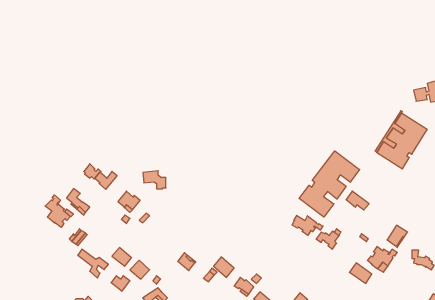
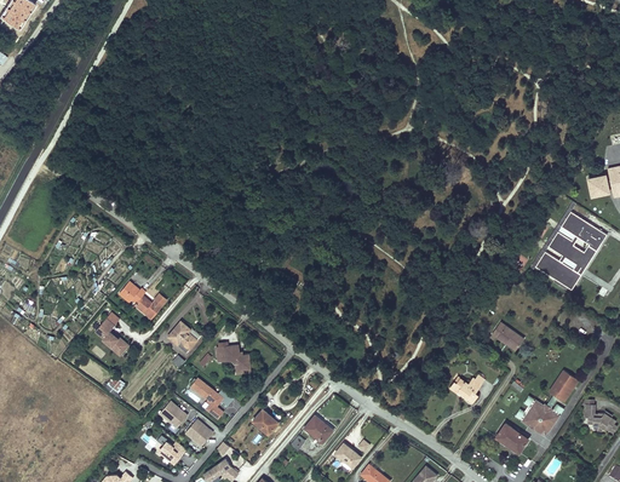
building: [299,151,360,217] -> none
building: [143,171,166,189] -> [217,344,249,369]
building: [45,195,70,227] -> none
building: [292,215,323,235] -> none
building: [78,249,108,278] -> [190,378,234,419]

